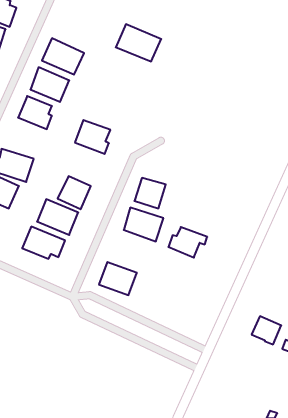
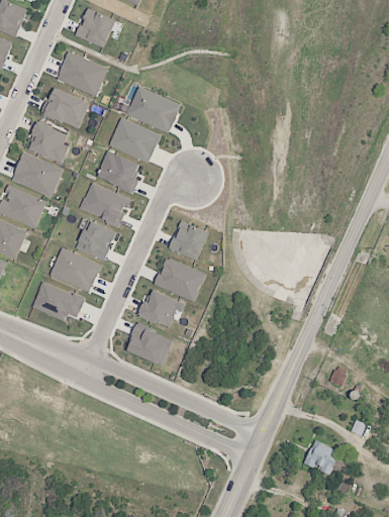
building: none -> [76,9,115,47]
building: [116,24,161,61] -> [125,87,181,132]
building: none -> [109,118,160,161]
building: none -> [10,152,63,197]
building: none -> [80,184,130,225]
building: [168,227,207,258] -> [137,291,185,328]
building: [252,316,281,344] -> [303,440,339,475]

